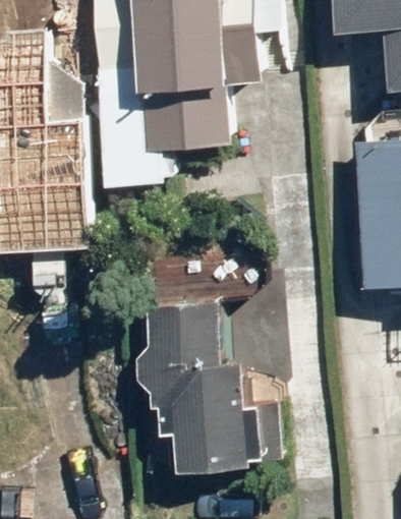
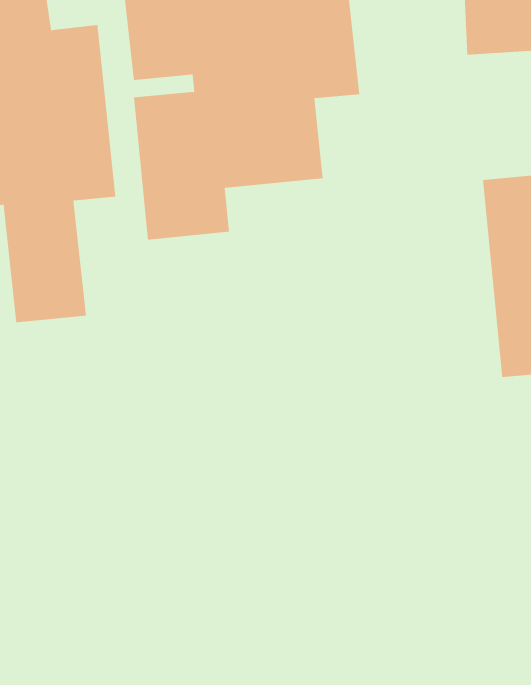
building: [136,301,276,473] -> none

